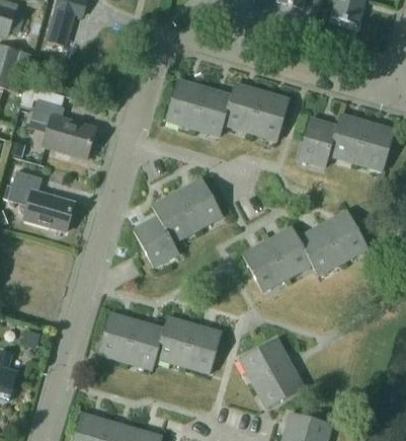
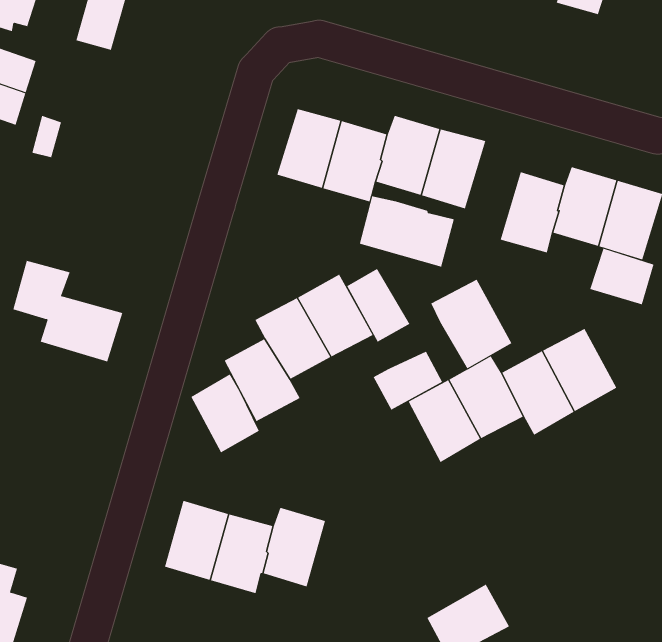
building: [31,100,95,159] -> none
building: none -> [359,196,454,267]
building: none -> [589,248,654,305]
building: none -> [347,268,410,342]
building: none -> [430,279,512,369]
building: none -> [373,351,443,411]
building: none -> [191,373,259,453]
building: [183,325,222,373] -> none
building: [240,339,290,383] -> none

